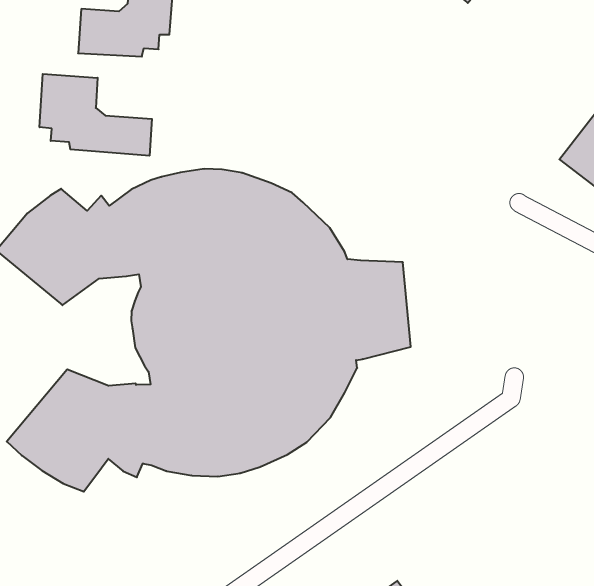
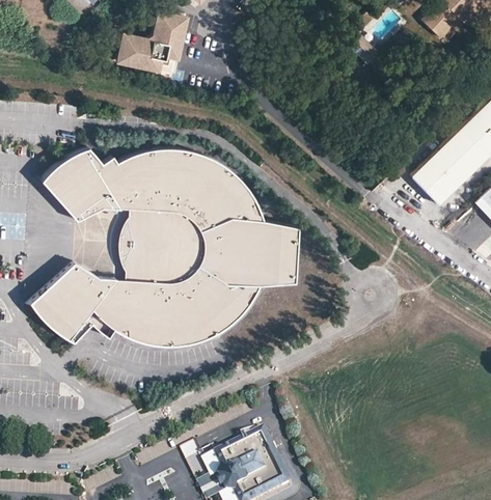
building: [40,74,152,156] -> none

